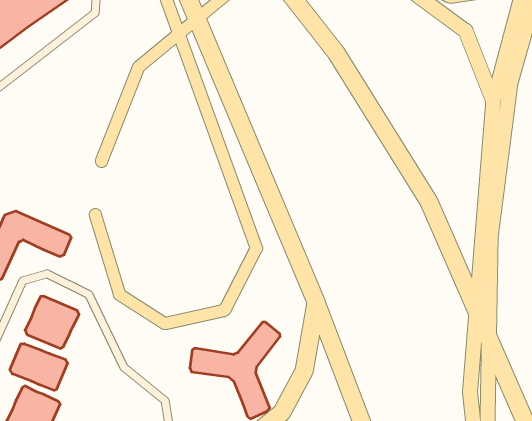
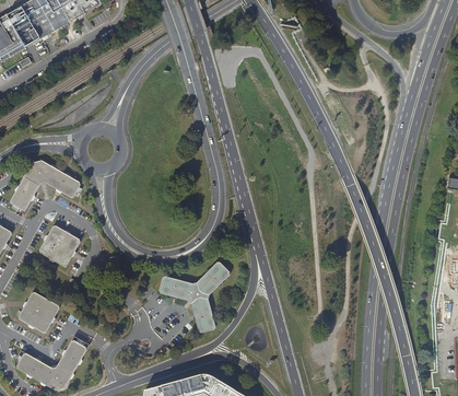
building: [10,344,68,390] -> none

